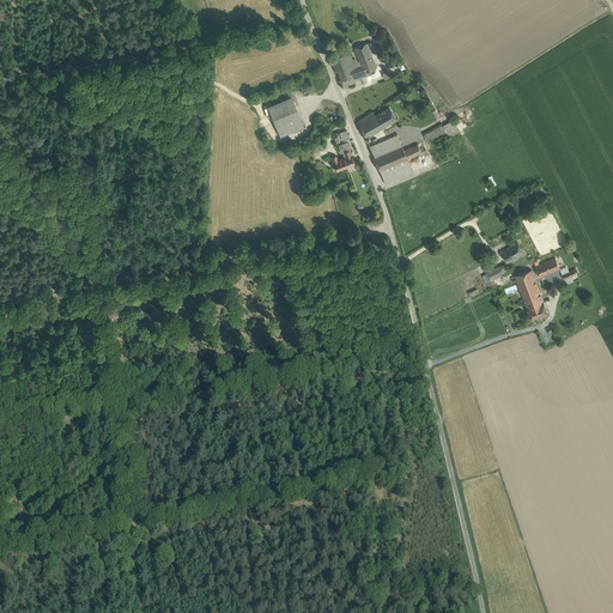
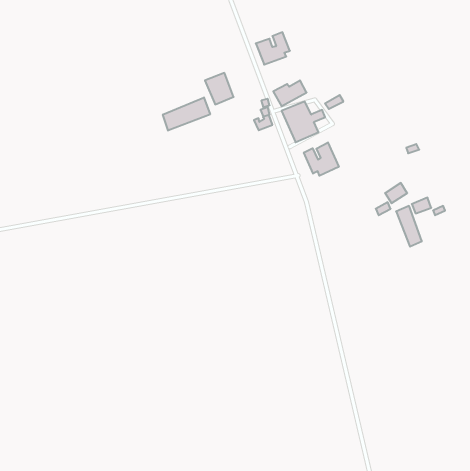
building: none -> [163,97,210,131]
building: none -> [304,142,339,176]

